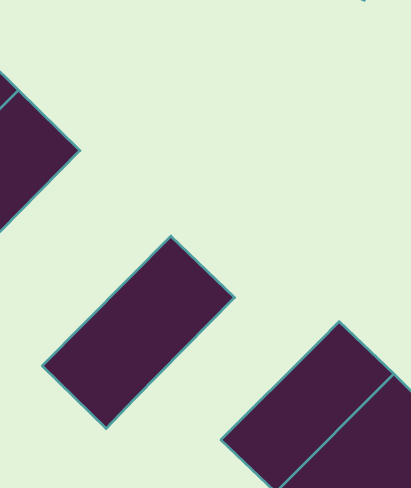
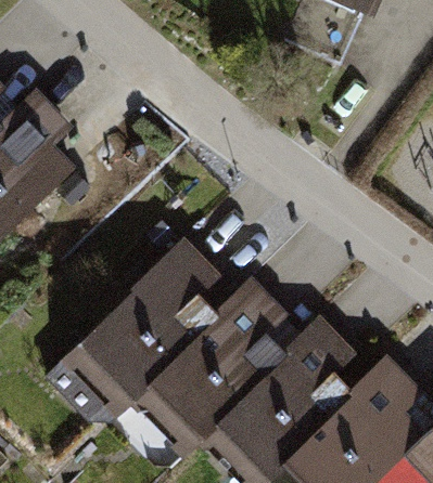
building: none -> [141,279,317,455]

